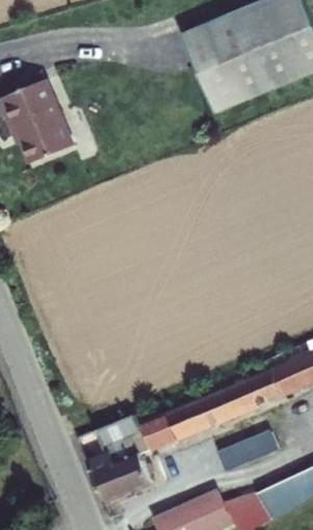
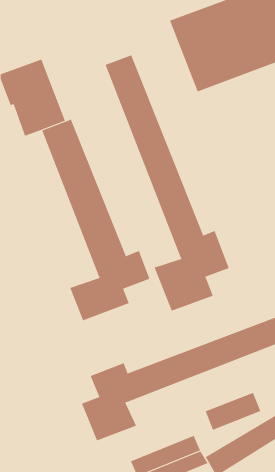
building: none -> [105,54,230,312]
building: none -> [42,119,150,321]

